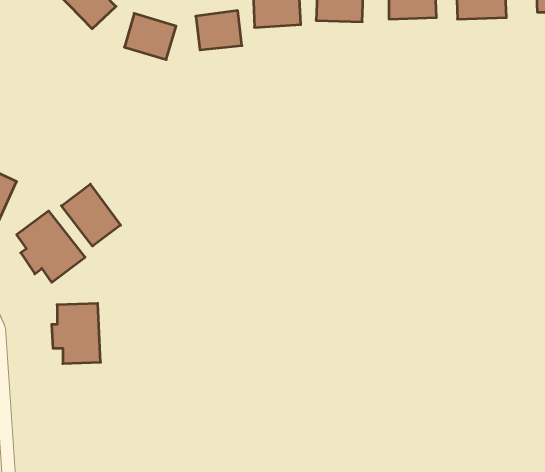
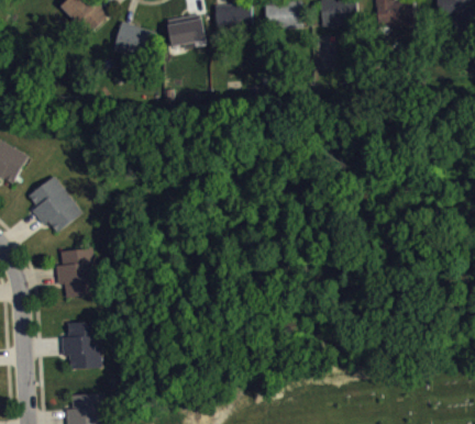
building: [61,184,121,246] -> none
building: none -> [62,322,101,369]

